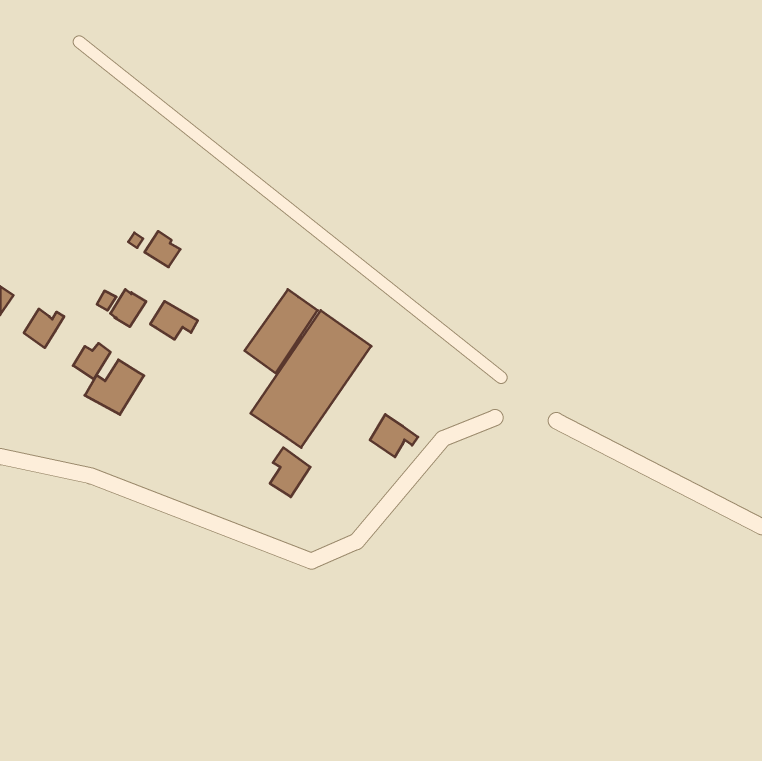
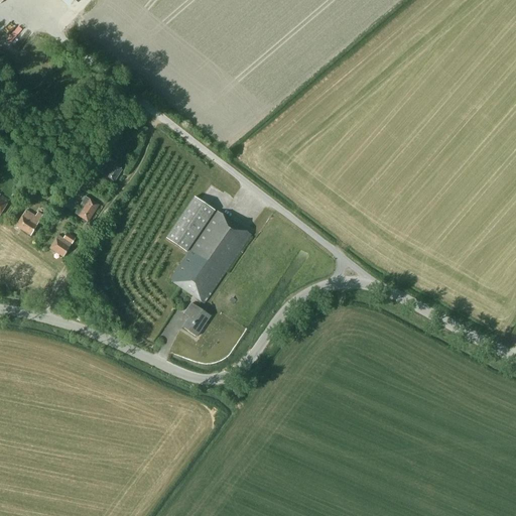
building: [150,301,198,339] -> none
building: [85,360,144,415] -> none
building: [370,414,418,457] -> none

